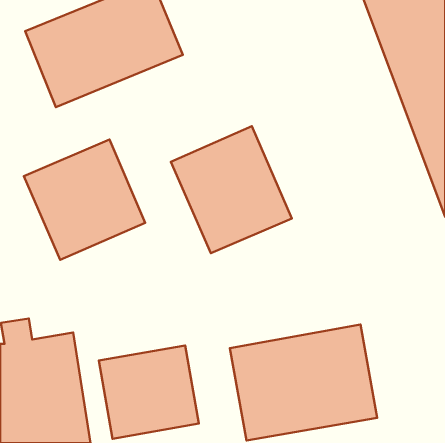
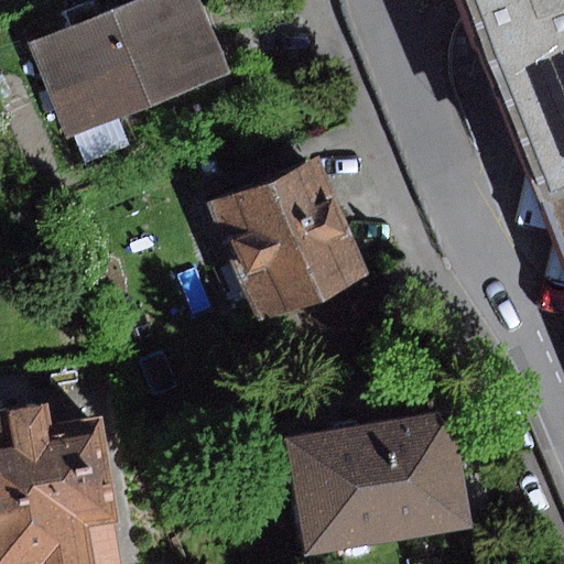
building: [24,139,145,260] -> none
building: [99,345,199,439] -> none

